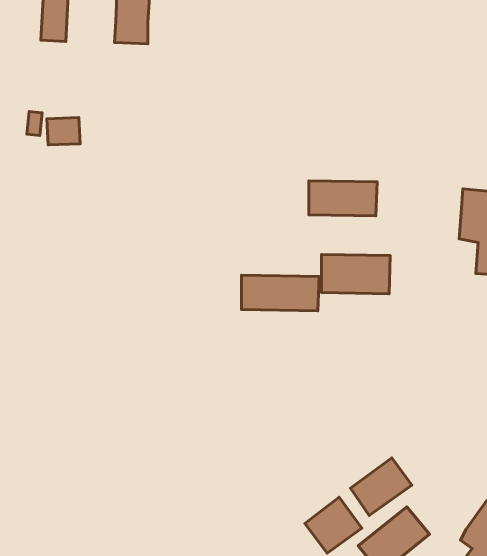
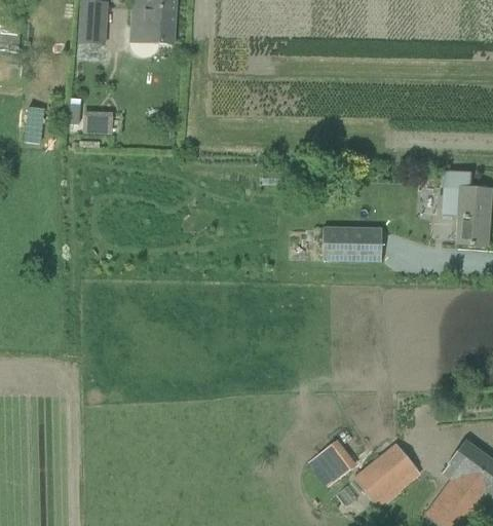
building: [309,181,377,216] -> none
building: [241,275,319,311] -> none
building: [351,458,412,515] -> none

